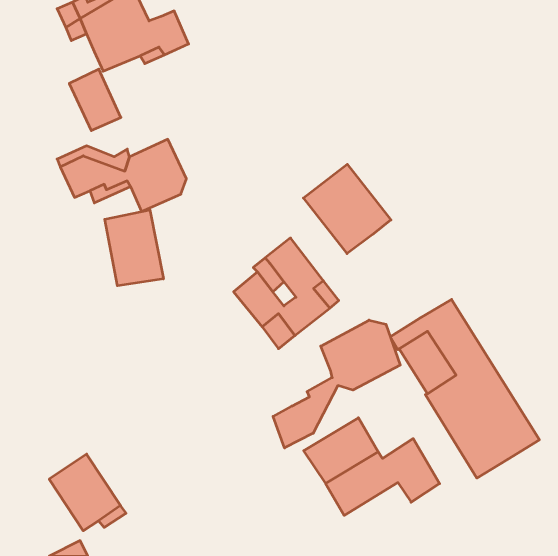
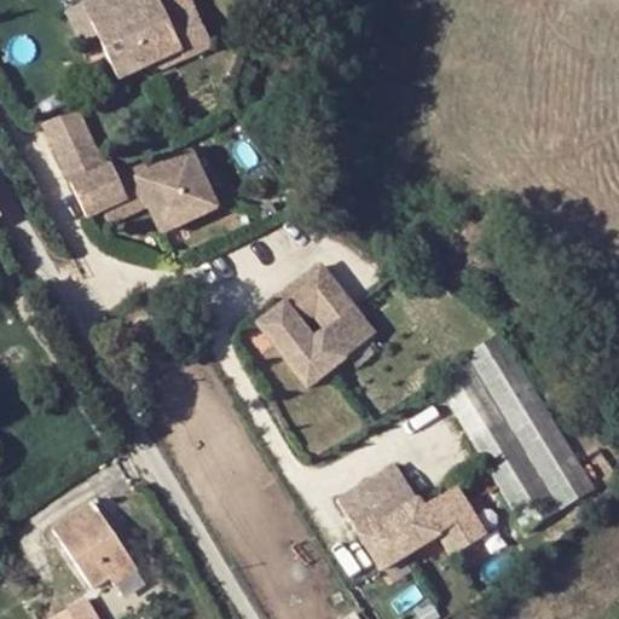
building: [69,69,121,131] -> [41,108,98,175]
building: [303,164,391,254] -> none
building: [105,210,163,286] -> none
building: [273,320,400,448] -> none

